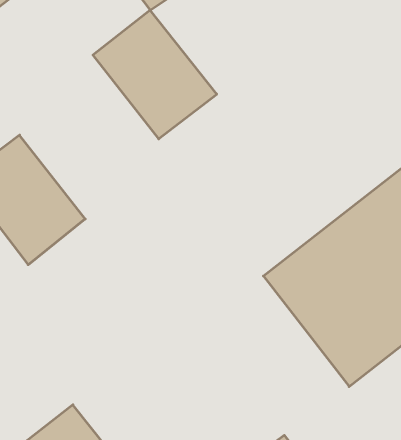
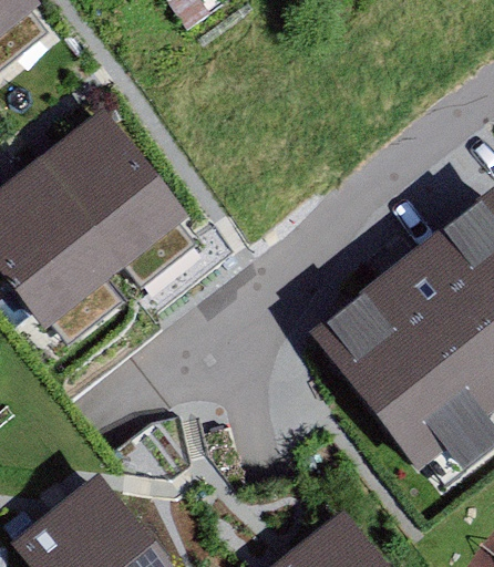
building: [93,10,217,139] -> [35,117,179,267]

